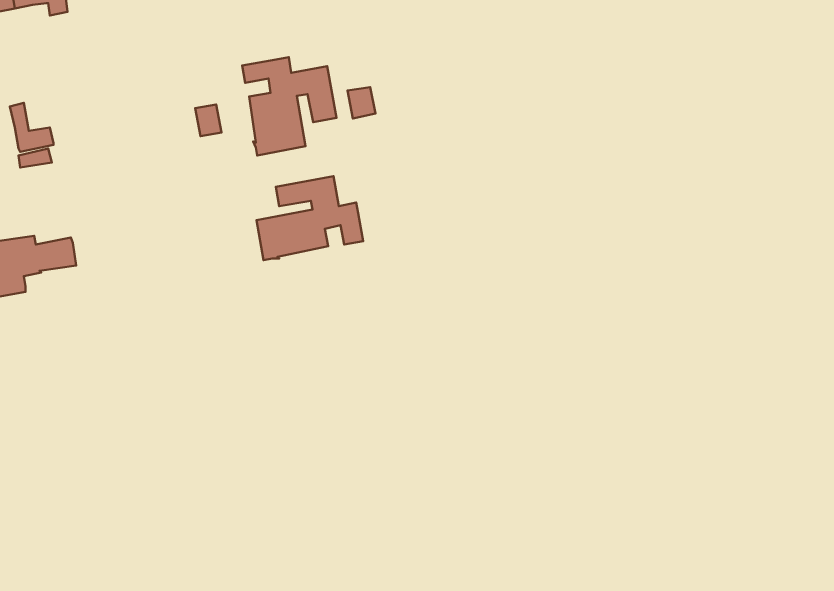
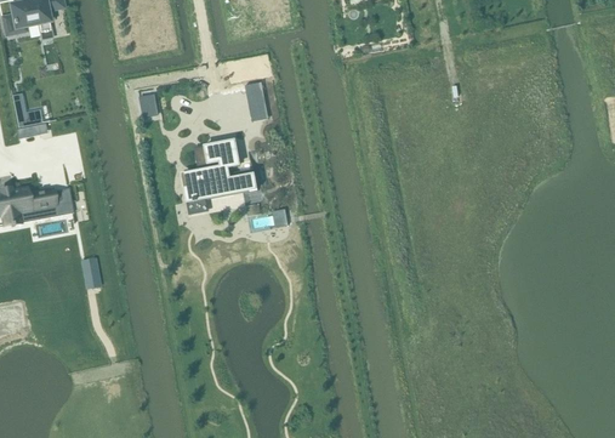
building: [242,57,337,155] -> none

